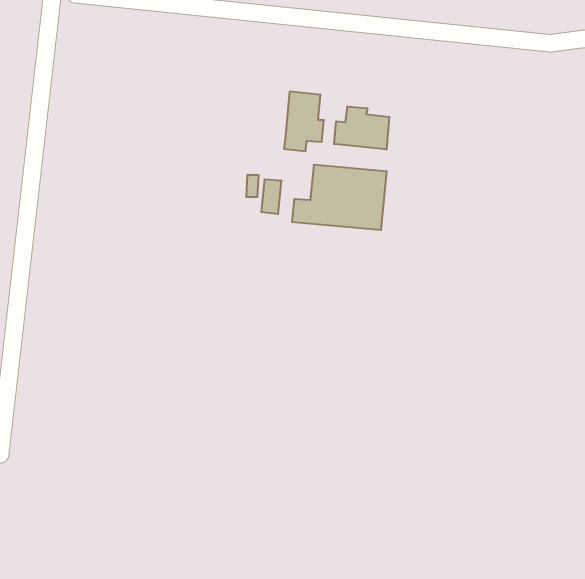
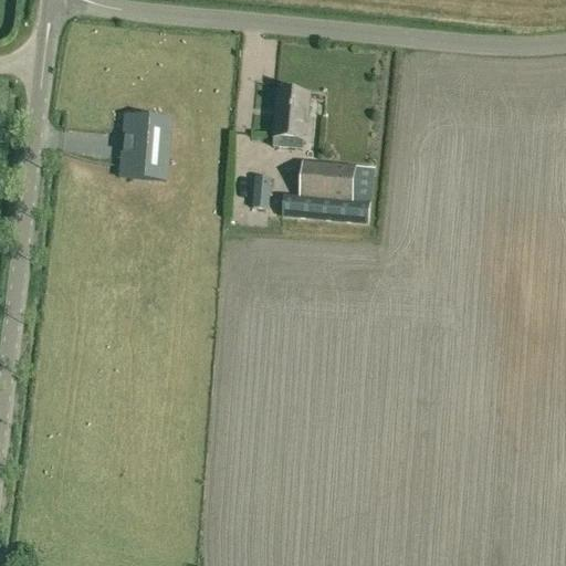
building: [334,106,389,150] -> none
building: none -> [119,112,169,177]

